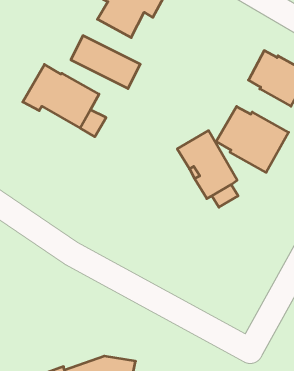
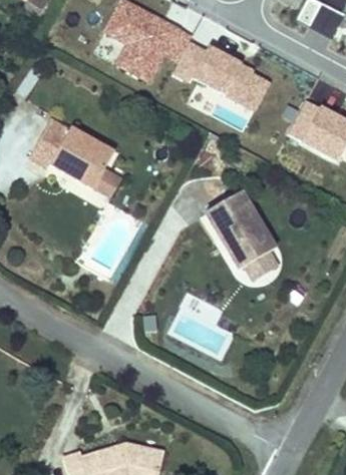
building: [71,36,140,89] -> [190,46,270,107]
building: [216,106,289,172] -> none

